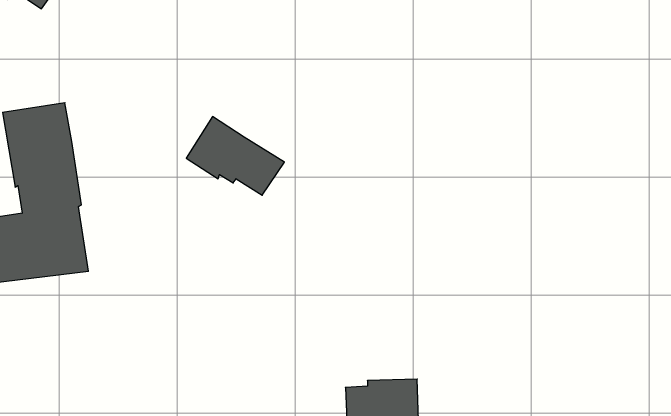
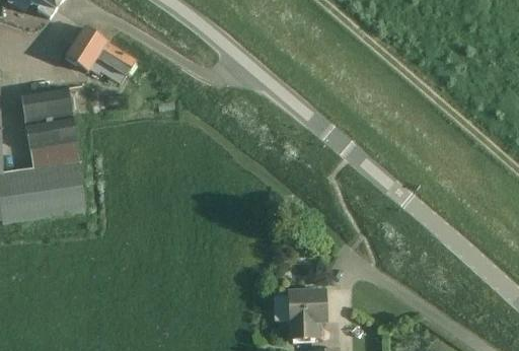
building: [186,117,284,195] -> [65,26,137,84]

